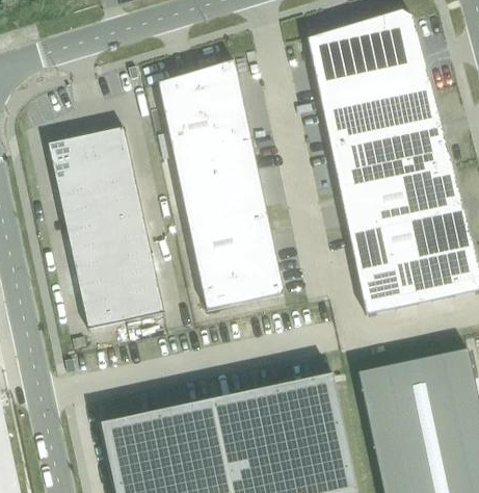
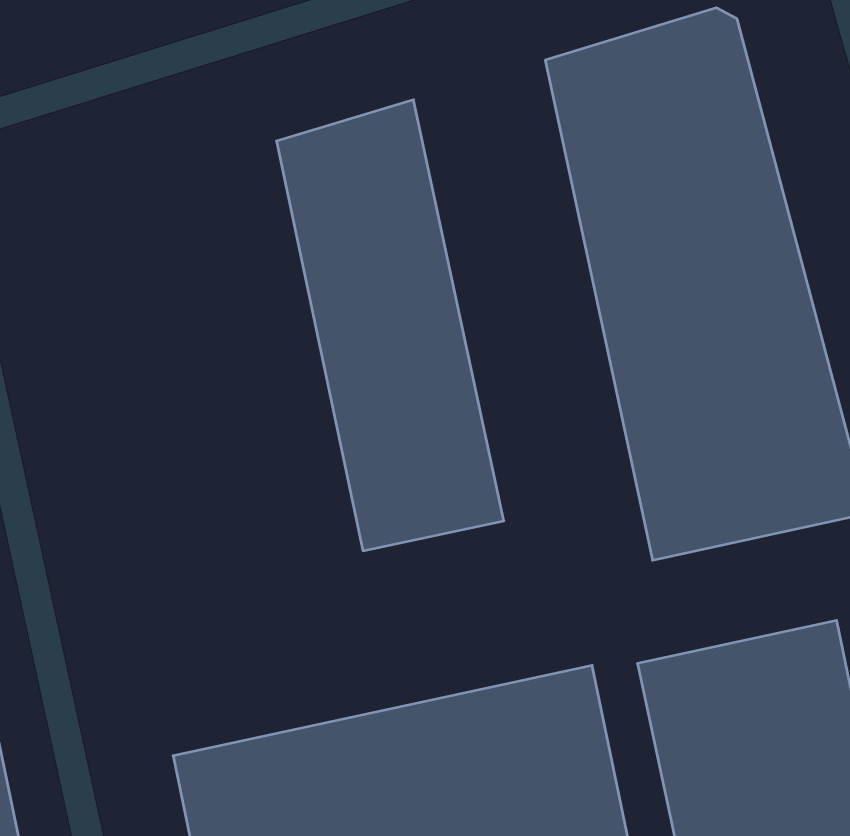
building: [48,127,164,329] -> none

